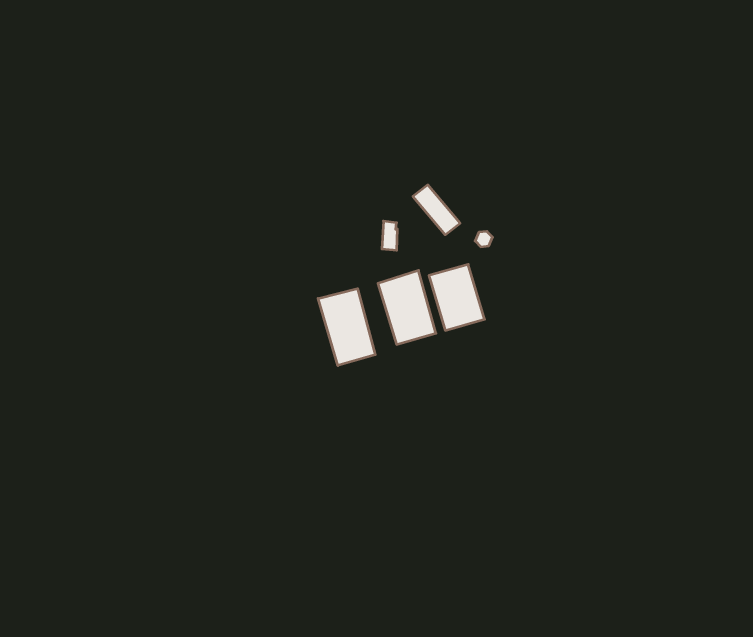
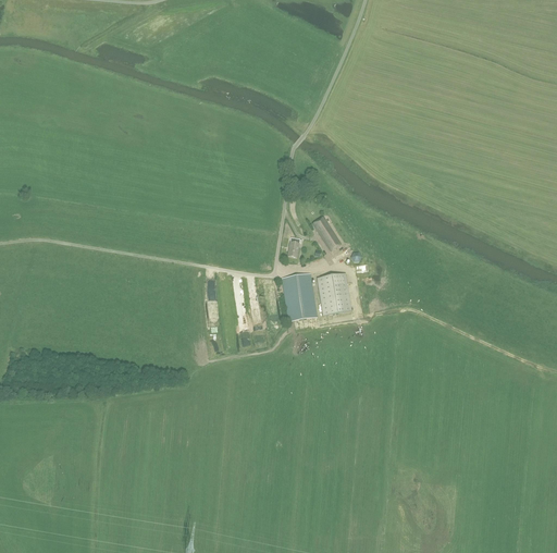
building: [318,289,375,366] -> none

